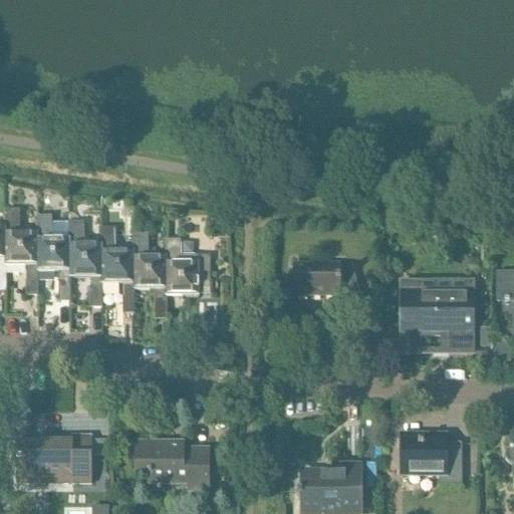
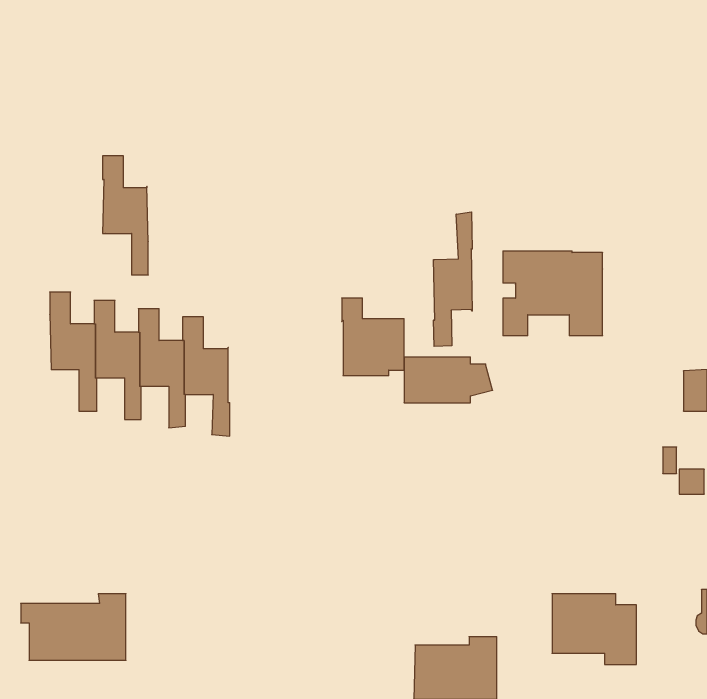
building: none -> [434,212,472,346]
building: [4,206,37,292] -> [103,156,148,275]
building: [165,236,210,292] -> [342,298,404,376]
building: [401,286,473,347] -> [503,251,603,336]
building: [136,439,208,489] -> none

